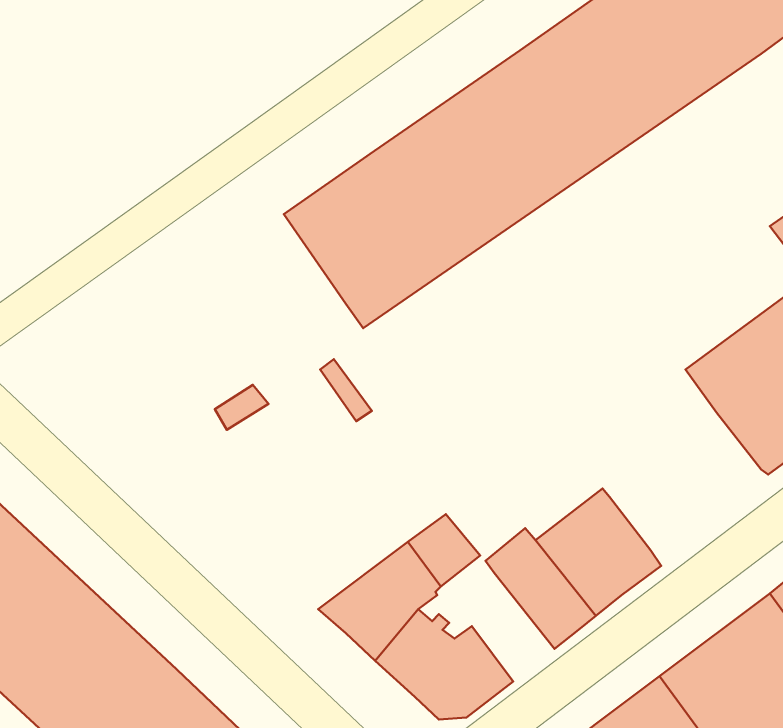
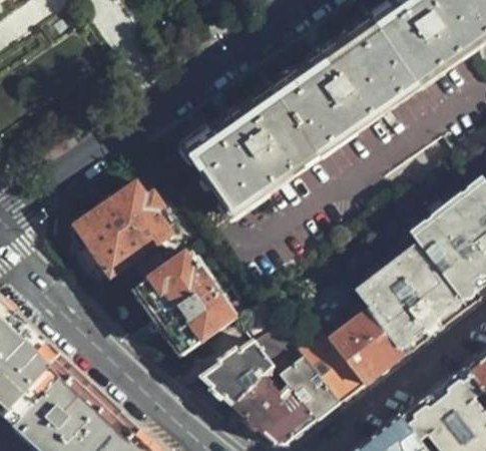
building: none -> [73,183,170,276]
building: none -> [364,253,461,345]
building: none -> [136,255,233,356]
building: none -> [284,358,341,421]

